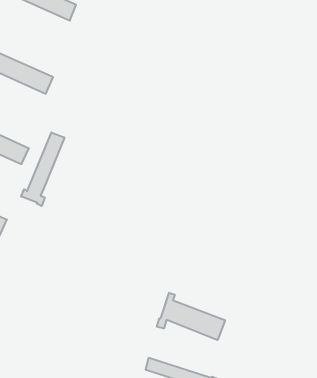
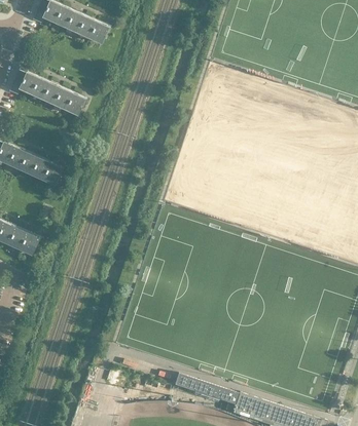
building: [21,132,64,206] -> none
building: [157,293,225,340] -> none

